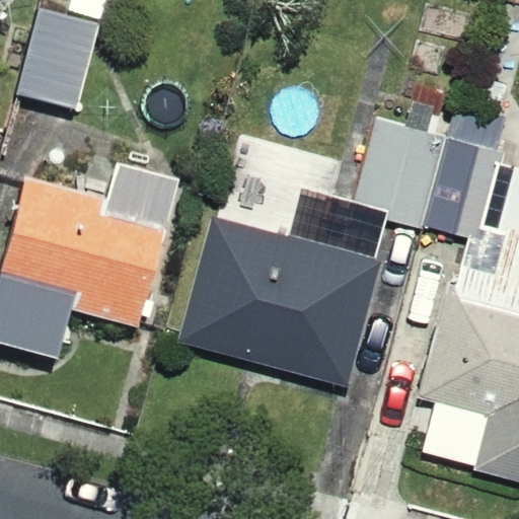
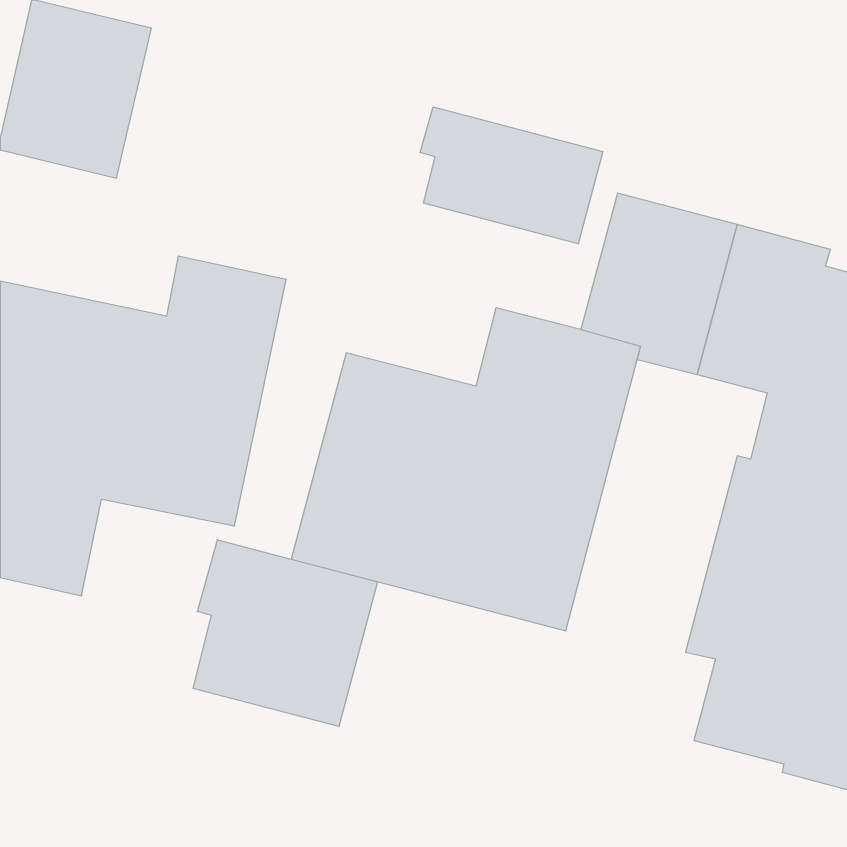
building: none -> [420,107,603,244]
building: none -> [193,540,377,727]

